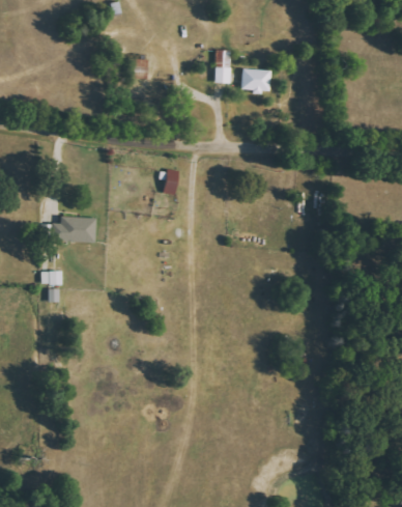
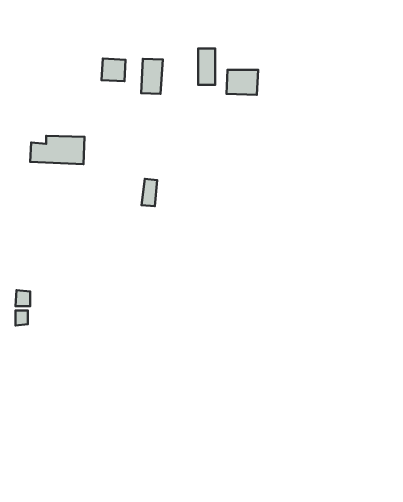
building: none -> [141,59,163,94]
building: [46,217,95,243] -> [30,136,85,164]

